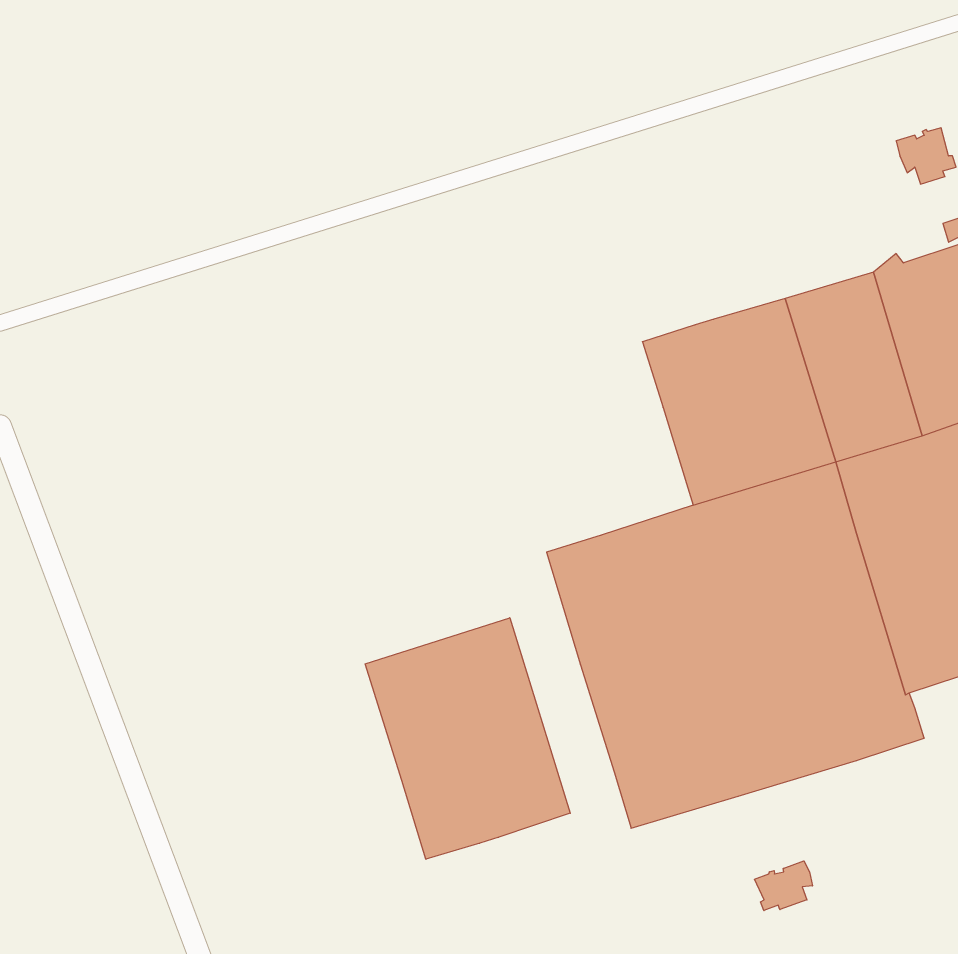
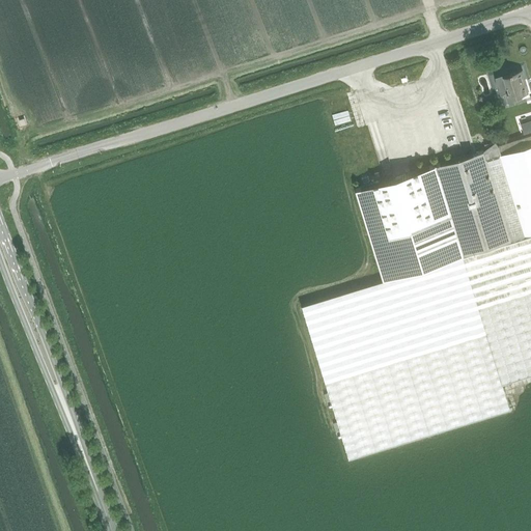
building: [365,618,570,859] -> none
building: [754,861,812,911] -> none

